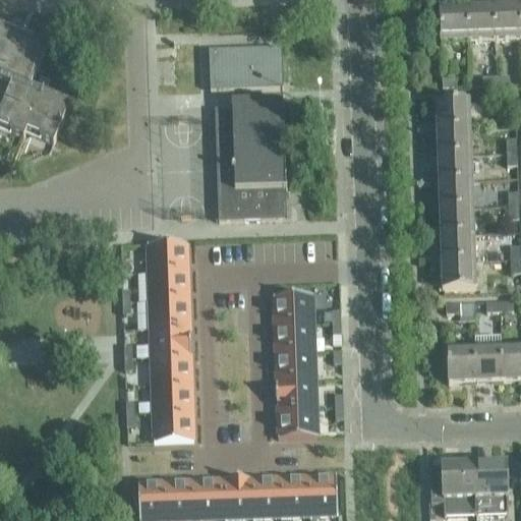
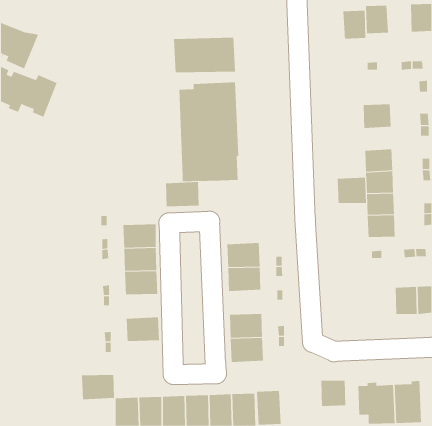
building: [466,5,495,40] -> [343,10,366,39]
building: [436,100,470,126] -> none
building: [438,153,472,181] -> none
building: none -> [337,177,366,204]
building: [147,240,188,271] -> [165,181,200,207]
building: [448,346,476,380] -> none
building: [275,349,315,379] -> none
building: [151,354,191,384] -> none
building: [153,410,193,441] -> [81,374,115,400]
building: none -> [321,380,346,407]

